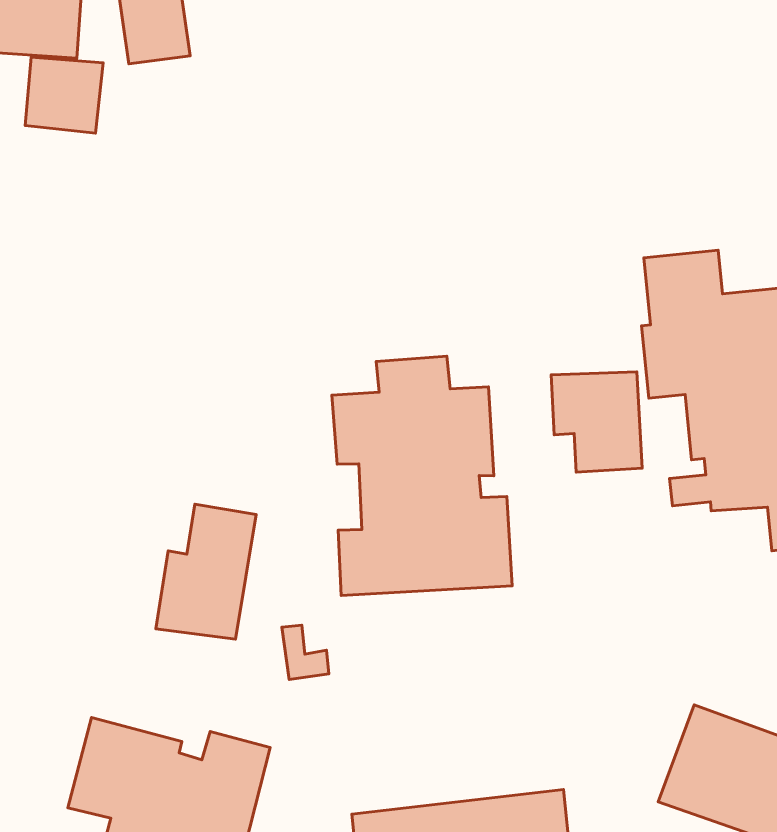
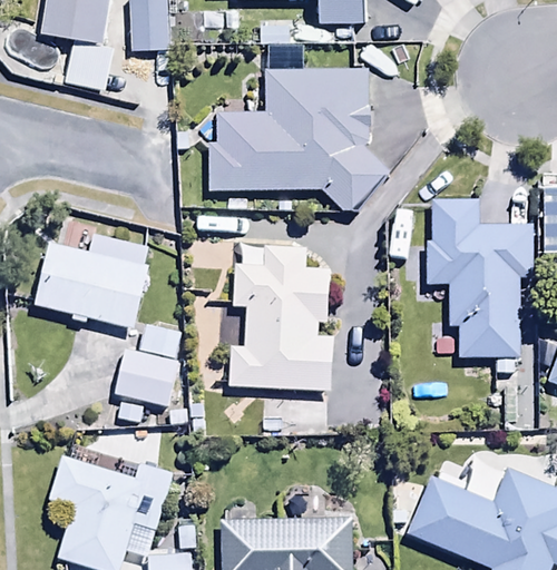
building: none -> [208,68,385,213]
building: none -> [33,234,148,331]
building: [551,372,642,472] -> none

